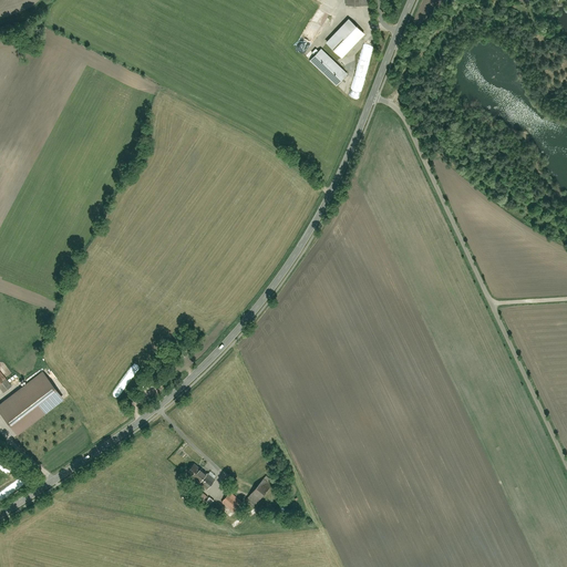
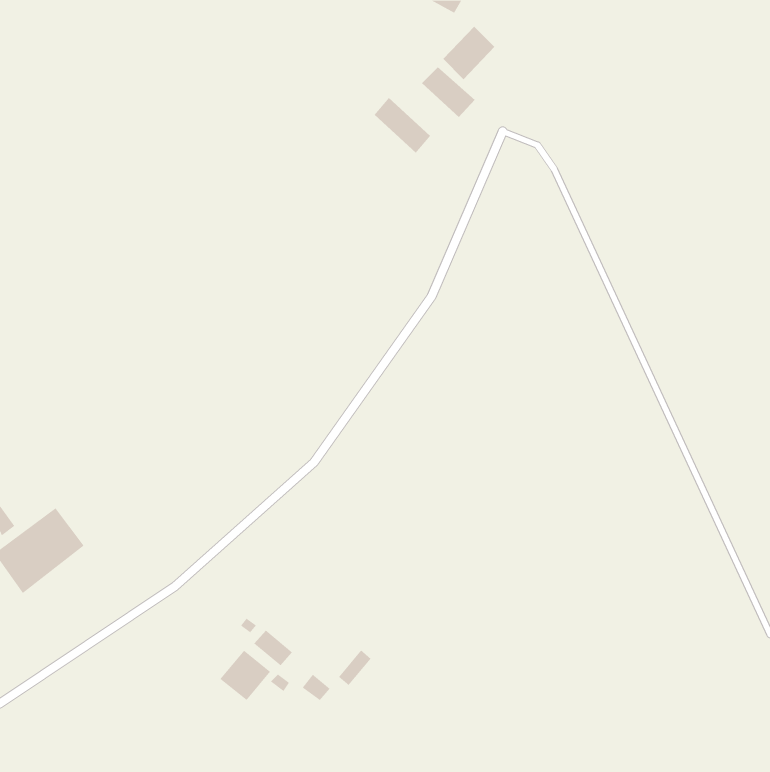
building: none -> [374,97,431,154]
building: none -> [220,650,271,701]

